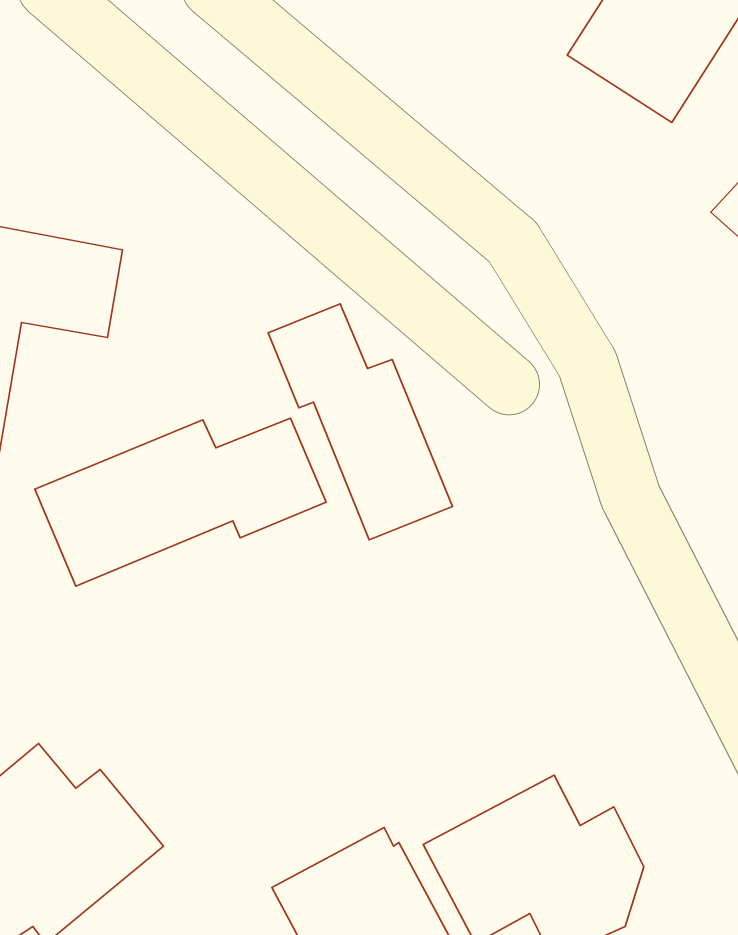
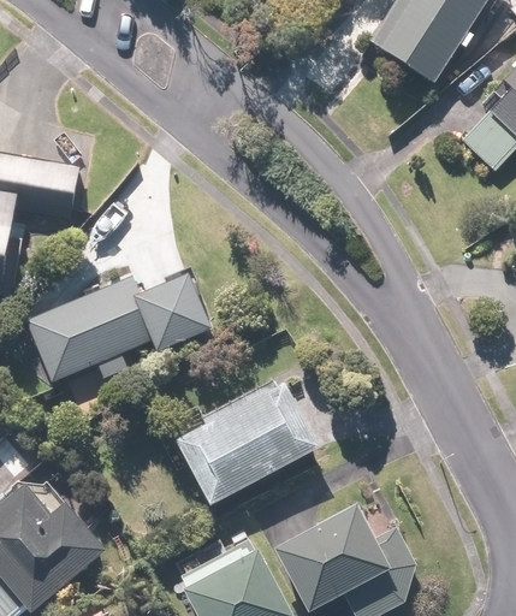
building: [268,304,453,540] -> none
building: none -> [177,381,321,505]

